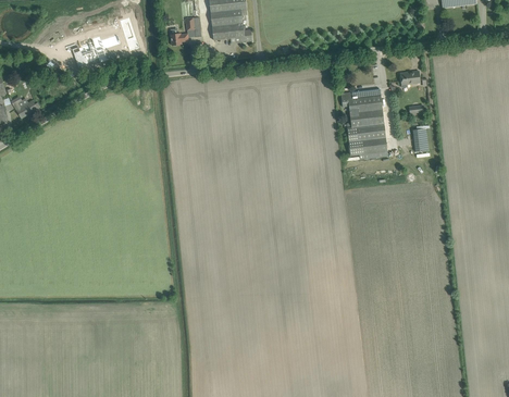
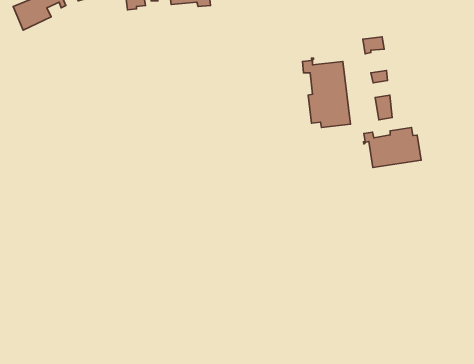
building: none -> [363,128,421,167]

